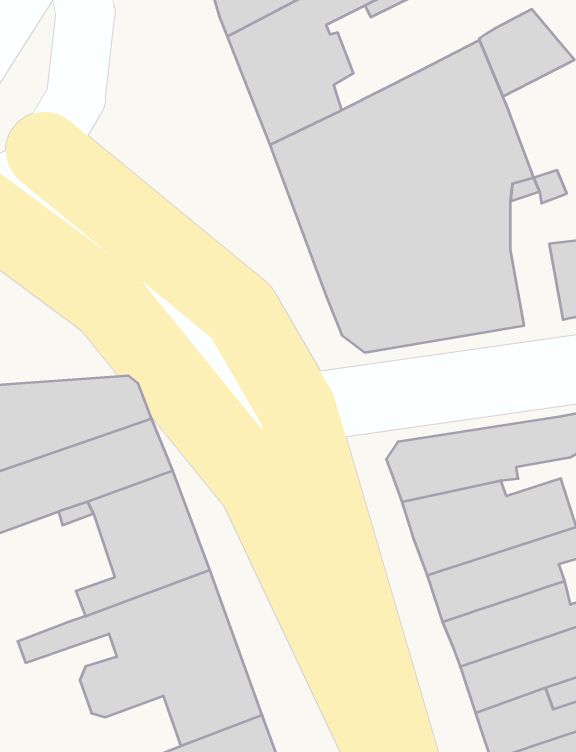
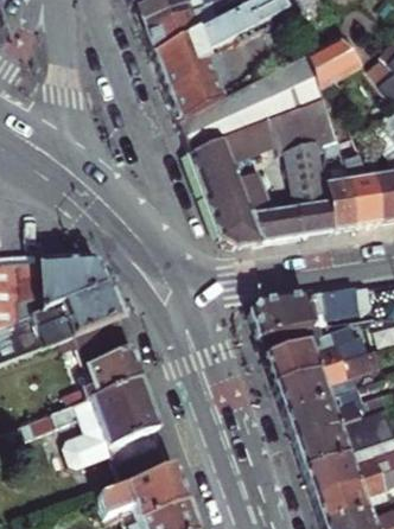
building: none -> [328,160,360,229]

